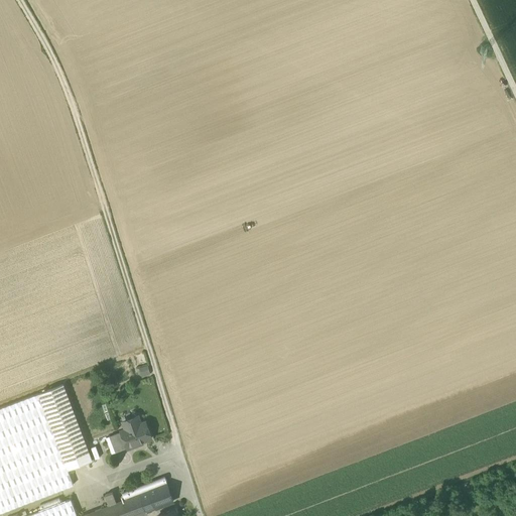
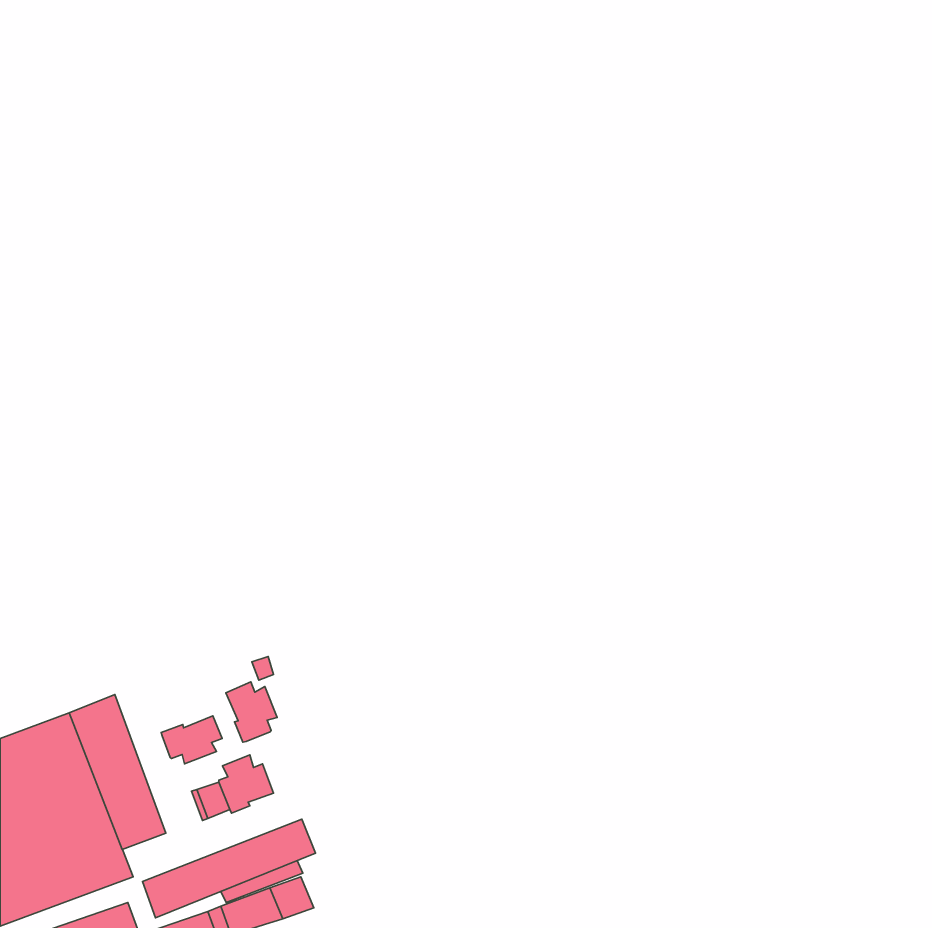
building: none -> [226,682,277,742]
building: none -> [161,716,222,764]
building: none -> [142,819,316,918]

